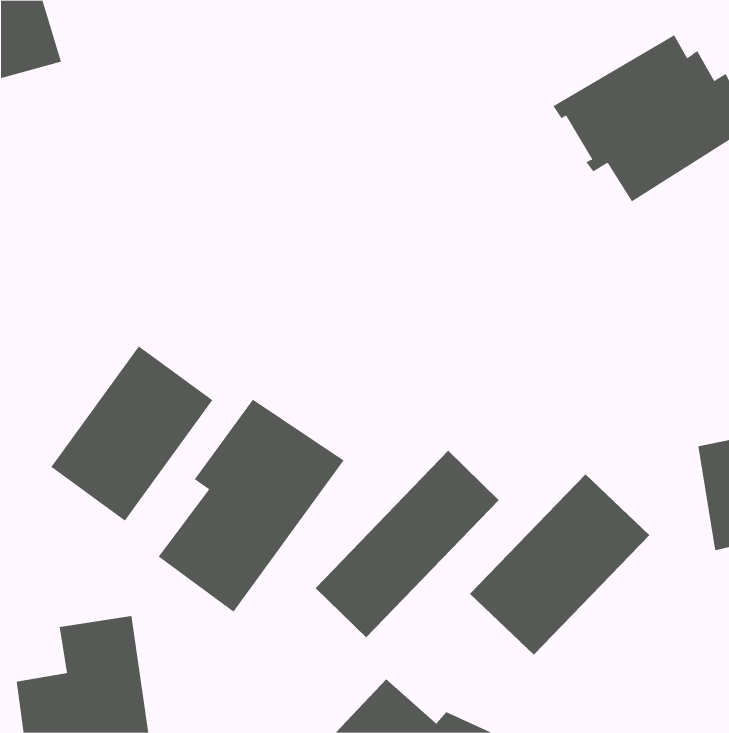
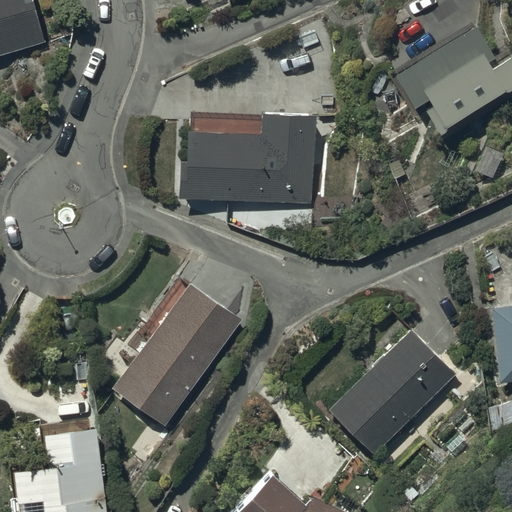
building: none -> [175,114,314,205]
building: [50,345,213,522] -> none
building: [315,450,500,638] -> none

